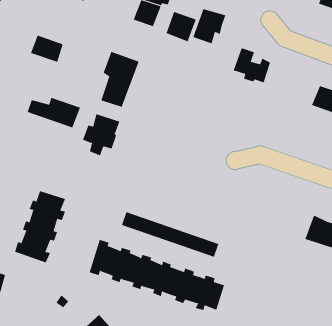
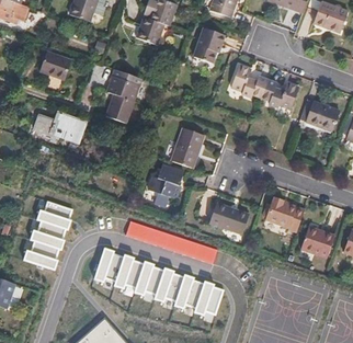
building: [166,11,197,42] -> none
building: none -> [261,79,299,107]
building: none -> [171,126,203,167]
building: [82,113,120,156] -> [147,164,183,205]
building: none -> [263,194,303,230]
building: none -> [209,202,249,233]

